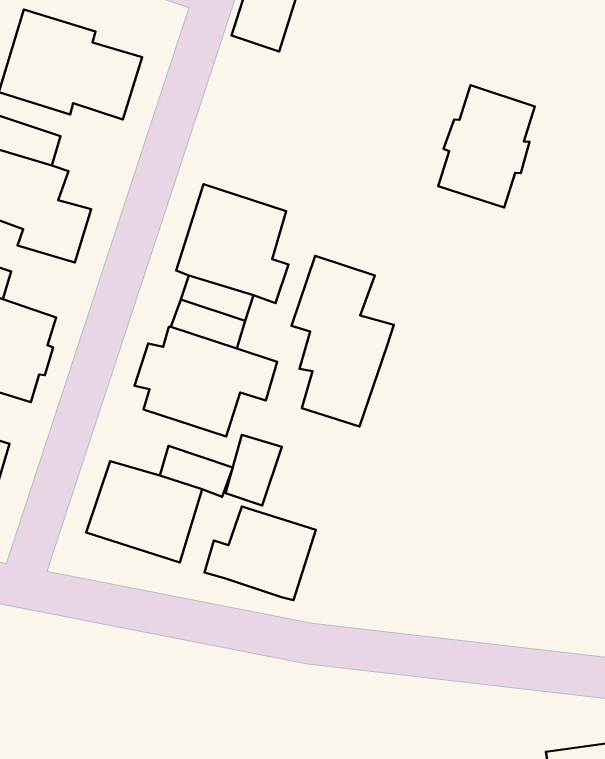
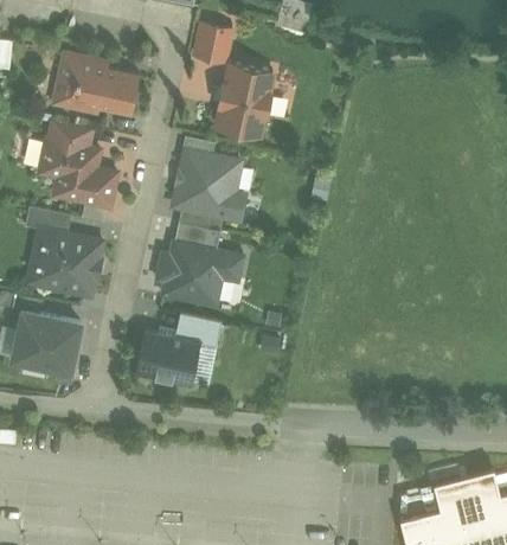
building: [438,85,535,208] -> [217,63,272,137]
building: [291,256,394,427] -> none
building: [225,435,282,506] -> none
building: [204,507,316,600] -> none

